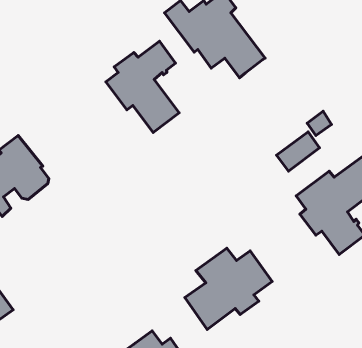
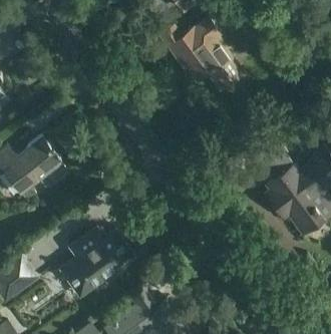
building: [106,41,179,132] -> none
building: [185,248,272,329] -> [61,231,132,297]

